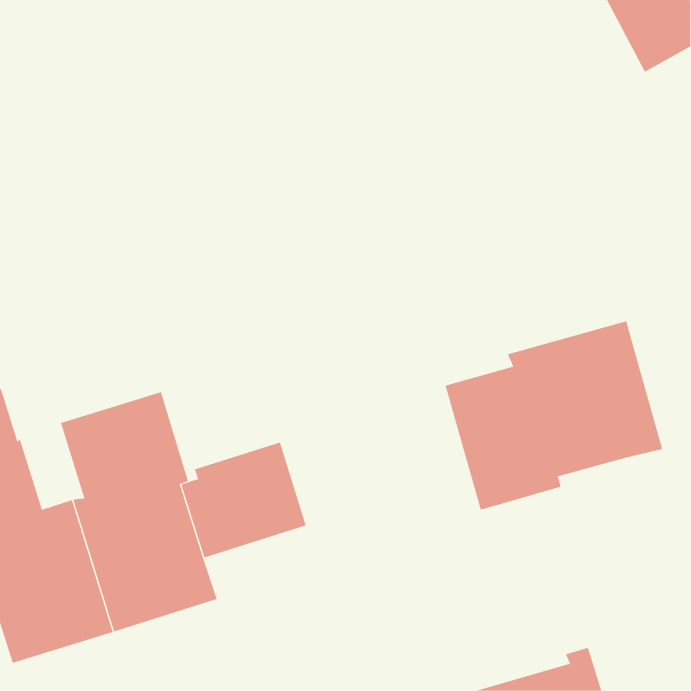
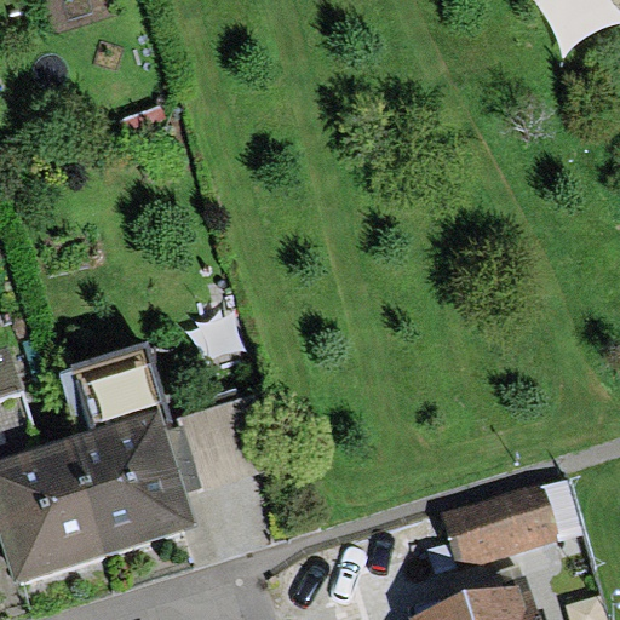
building: [445,320,663,511] -> none
building: none -> [435,481,551,566]

